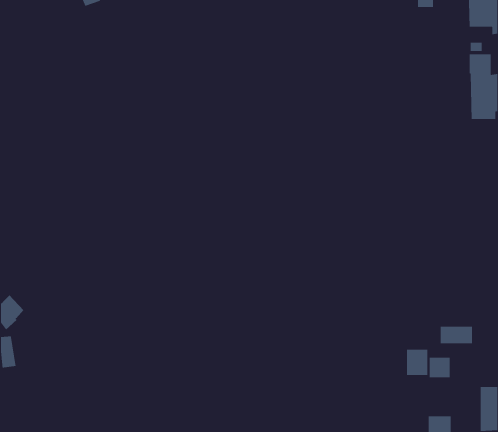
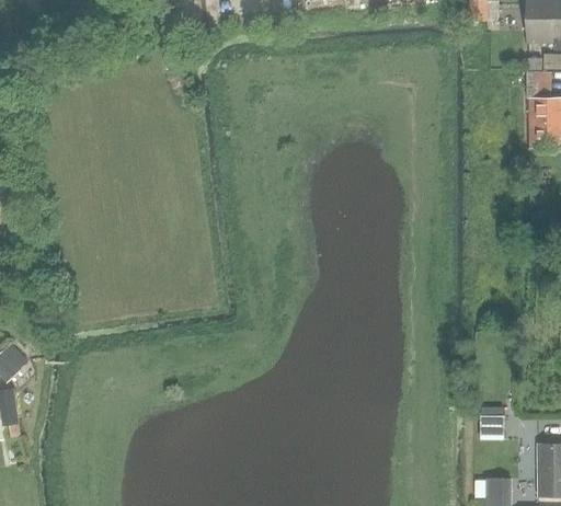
building: [440,326,473,344] -> none
building: [406,349,428,376] -> none

